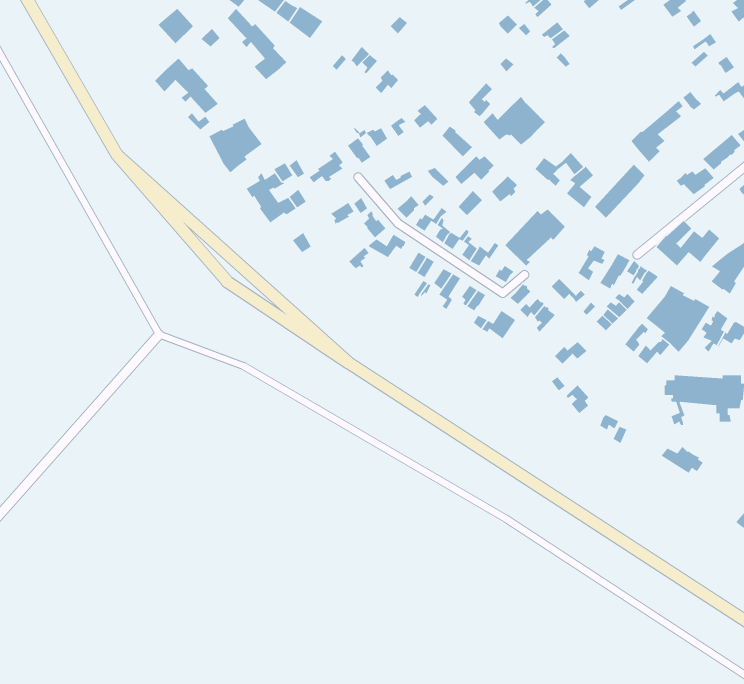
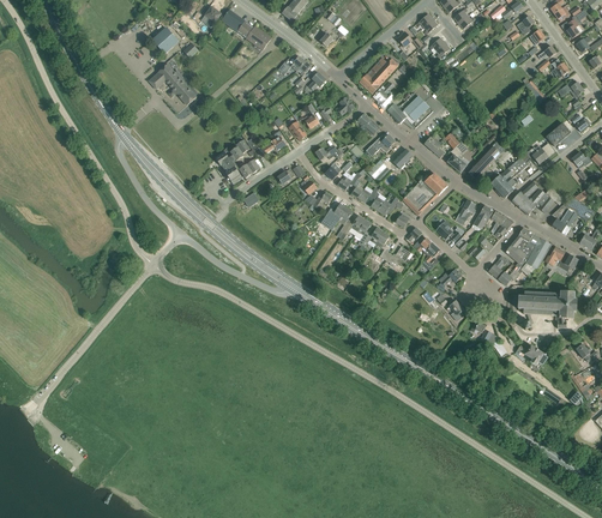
building: [227,8,287,80] -> none
building: none -> [360,58,398,94]
building: [631,100,684,163] -> [492,152,530,198]
building: [208,118,263,174] -> none

